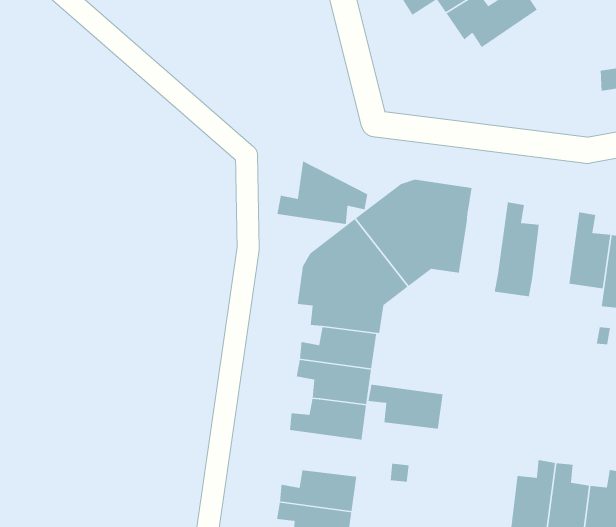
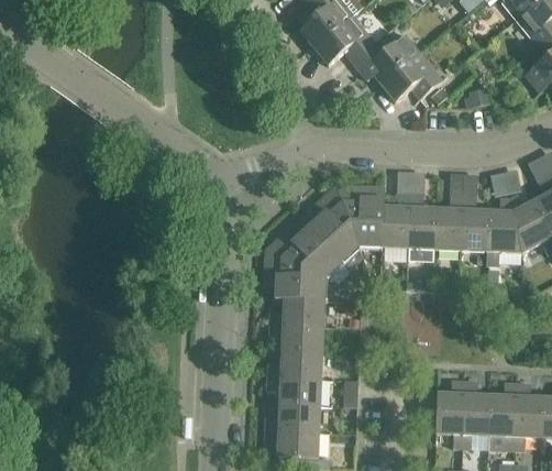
building: none -> [382,52,443,101]
building: [277,160,368,225] -> none
building: none -> [382,194,411,250]
building: none -> [435,196,464,250]
building: [367,384,444,430] -> [267,376,322,405]

